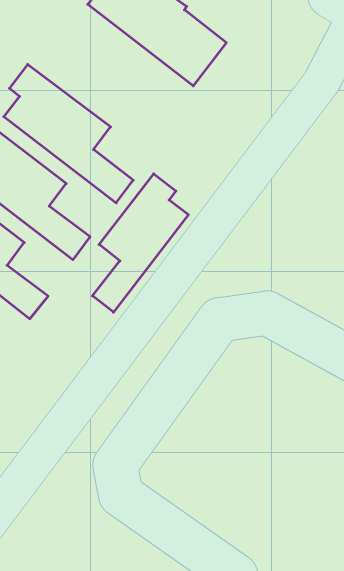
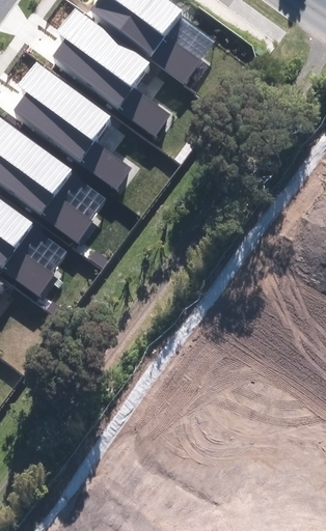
building: none -> [53,8,171,135]
building: [92,174,188,312] -> none

